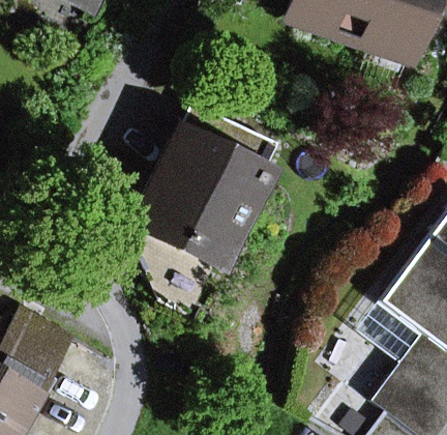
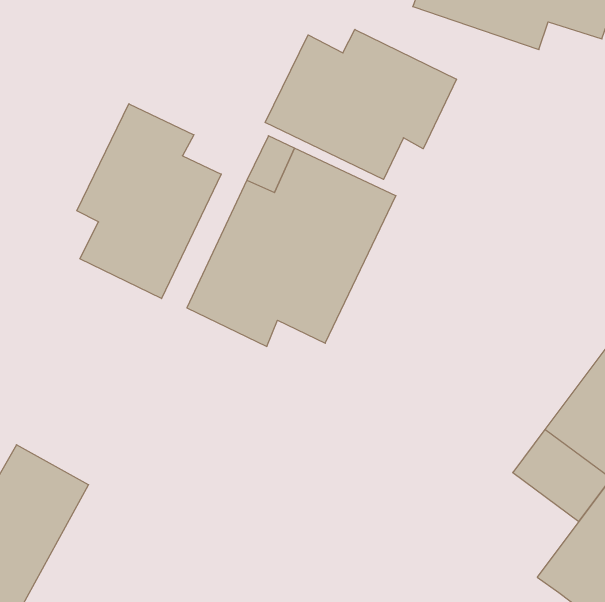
building: none -> [265,29,456,179]
building: none -> [77,104,221,299]

